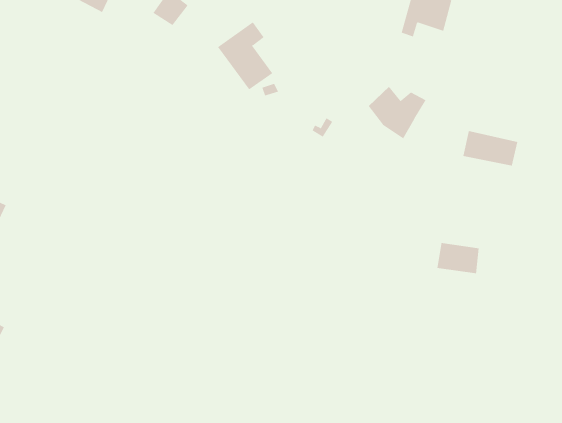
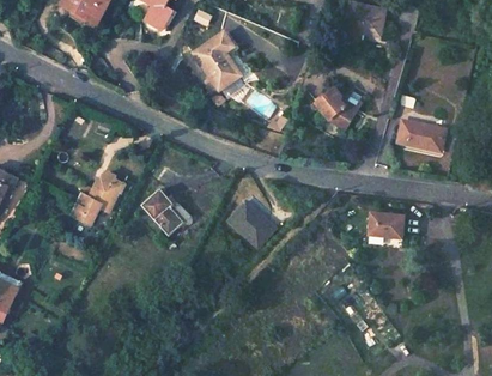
building: none -> [66,175,123,226]
building: none -> [141,189,193,235]
building: none -> [226,201,273,247]

